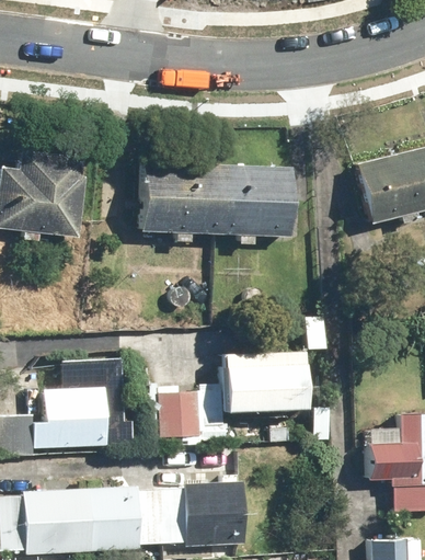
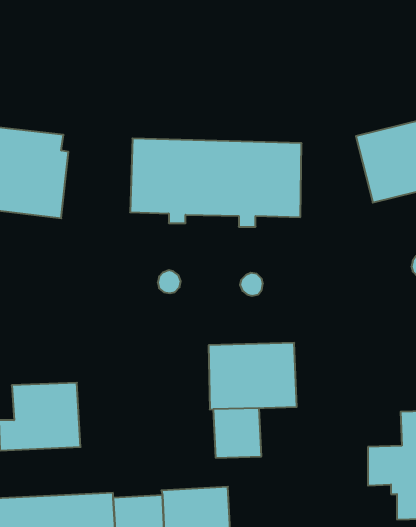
building: [158,391,202,436] -> [213,408,261,458]

